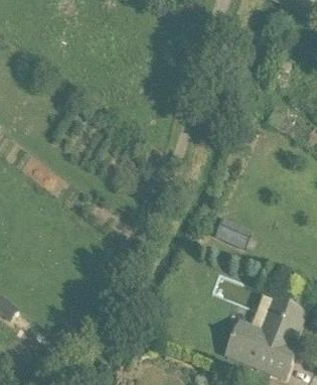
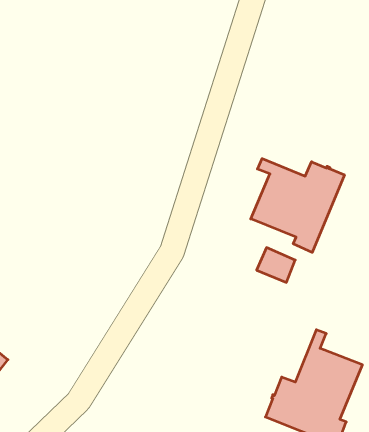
building: none -> [251,159,344,252]

